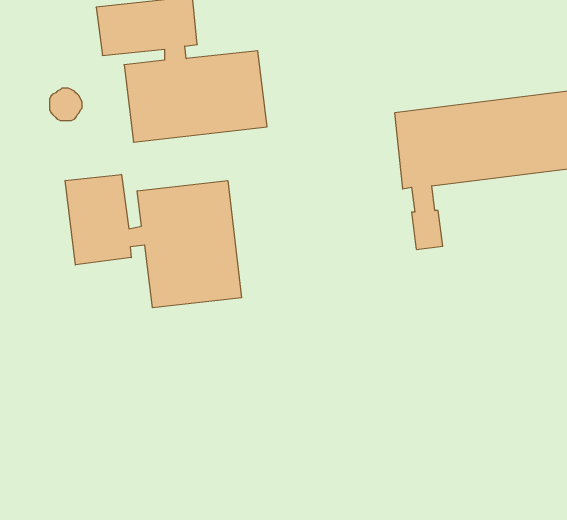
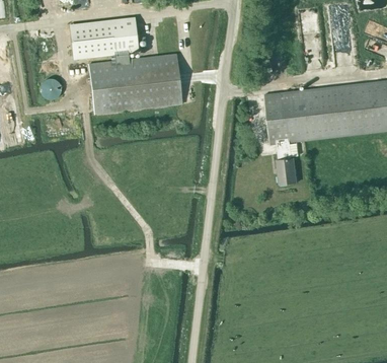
building: [65,174,241,308] -> none

